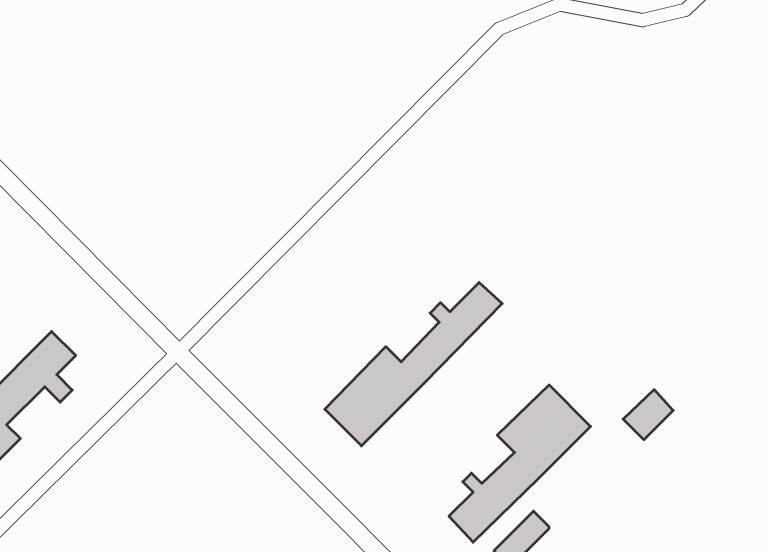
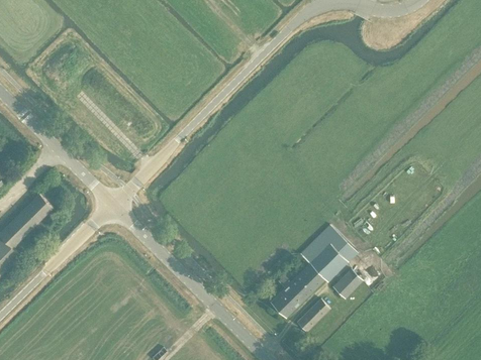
building: [325,282,502,446] -> none
building: [623,390,673,440] -> [332,270,362,299]

